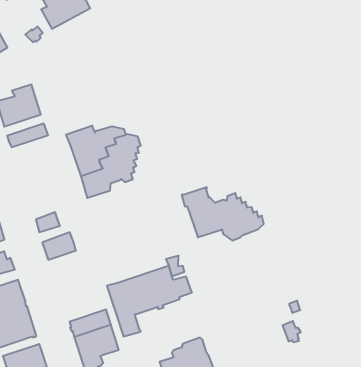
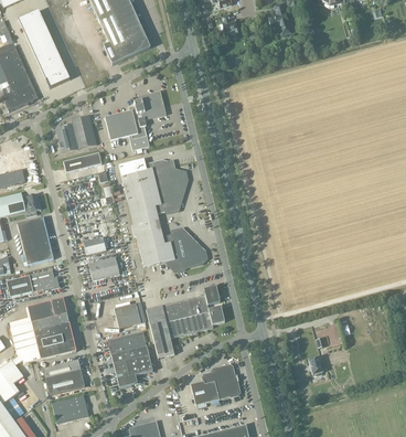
building: none -> [105,90,165,150]
building: [182,187,264,240] -> [131,220,206,271]
building: none -> [115,302,141,328]

